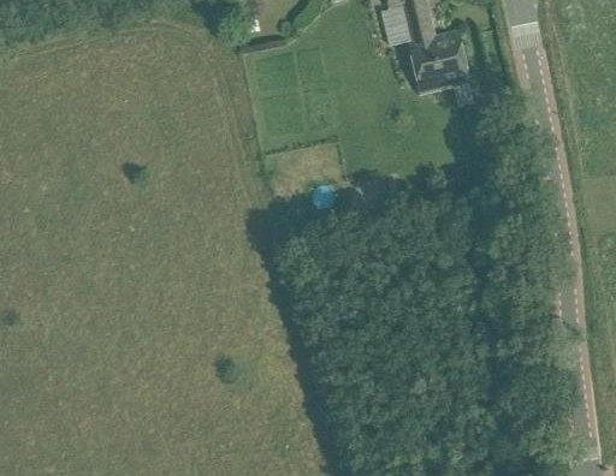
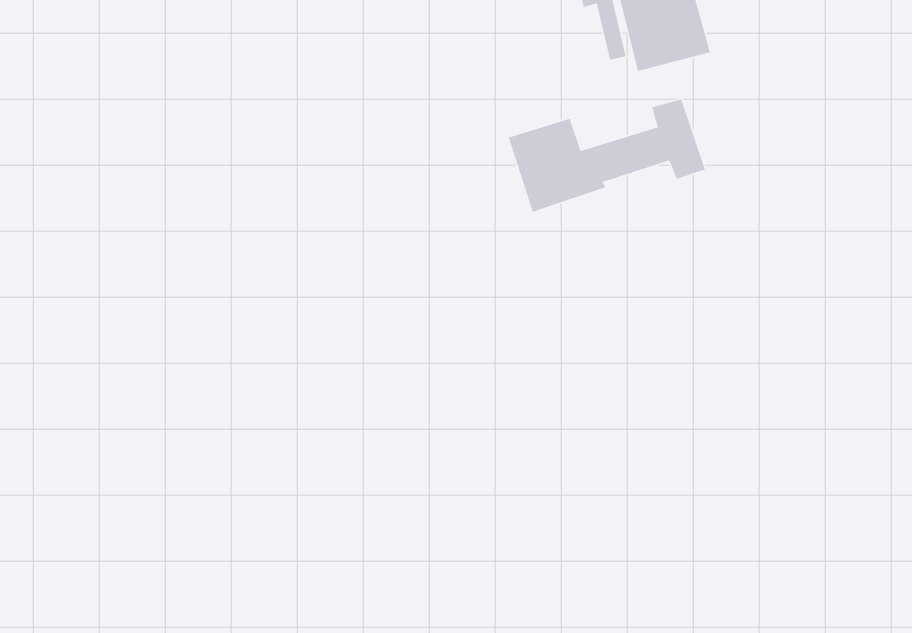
building: none -> [508,99,706,213]

